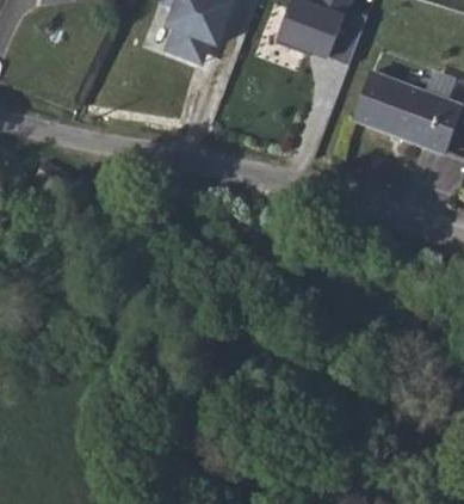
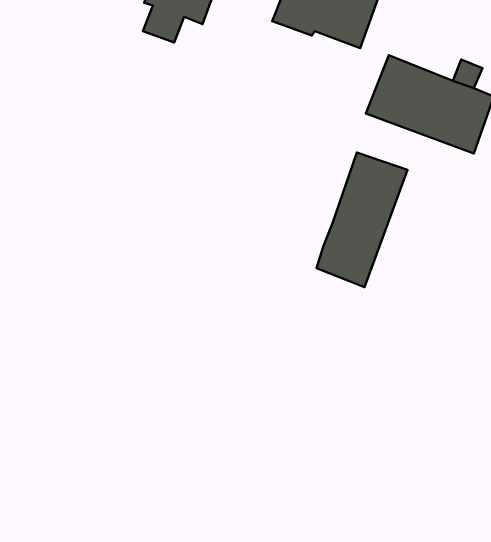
building: none -> [316,152,408,287]

